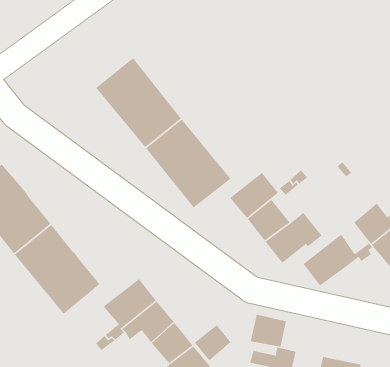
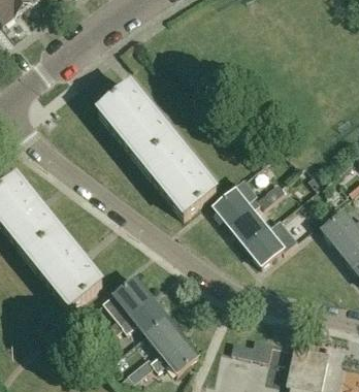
building: [302,234,373,287] -> none
building: [250,314,287,347] -> none
building: [194,324,232,362] -> none

